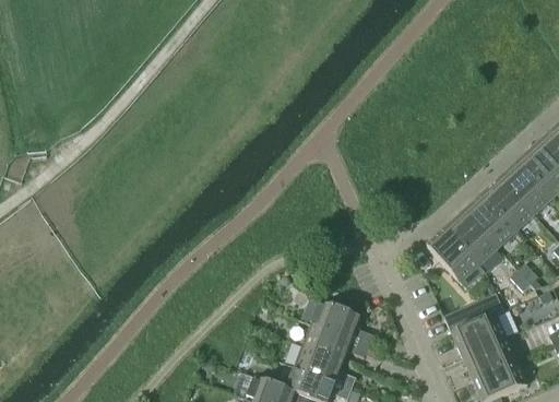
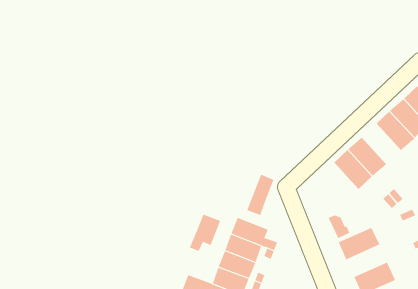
building: [484,178,535,232] -> none
building: [428,229,479,283] -> none
building: none -> [246,174,274,216]
building: none -> [189,214,221,252]
building: [463,338,518,380] -> none

